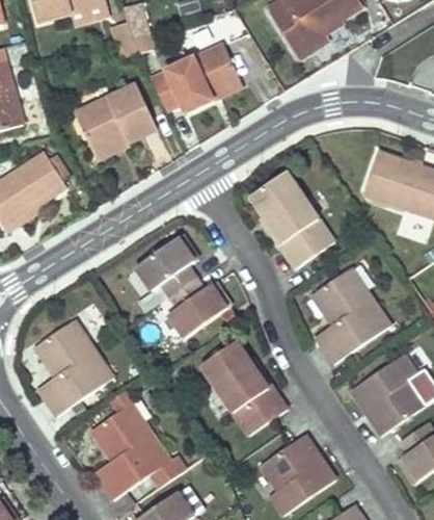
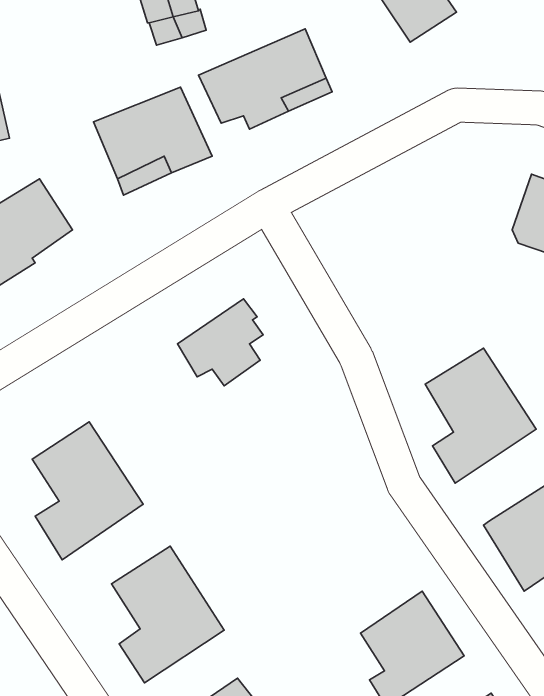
building: [248,173,329,267] -> none
building: [165,276,229,336] -> none
building: [202,342,288,435] -> none

